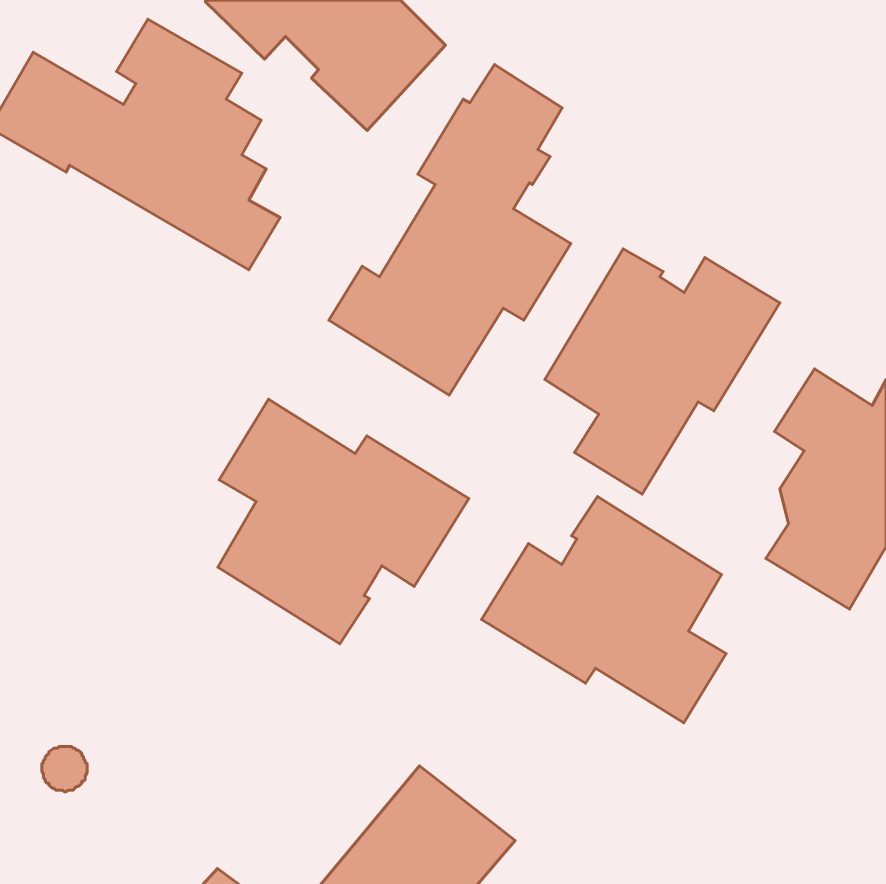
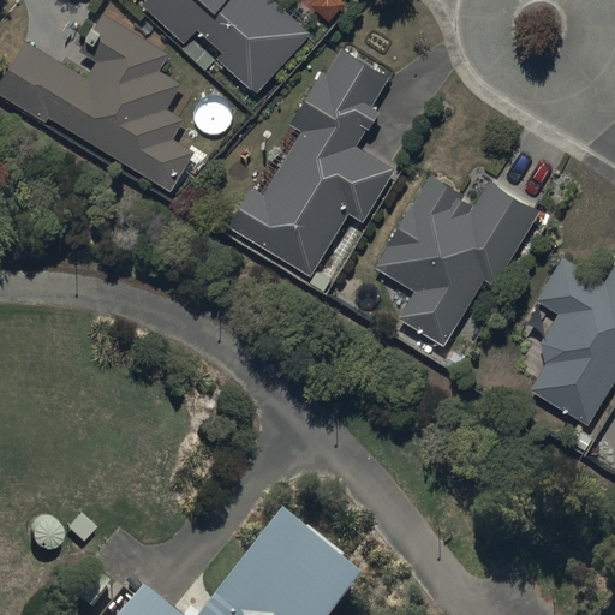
building: [218,399,469,644] -> none
building: [481,497,726,723] -> none

